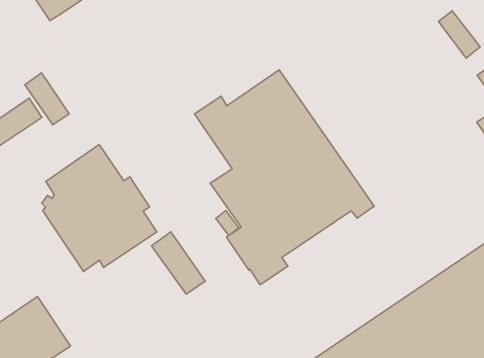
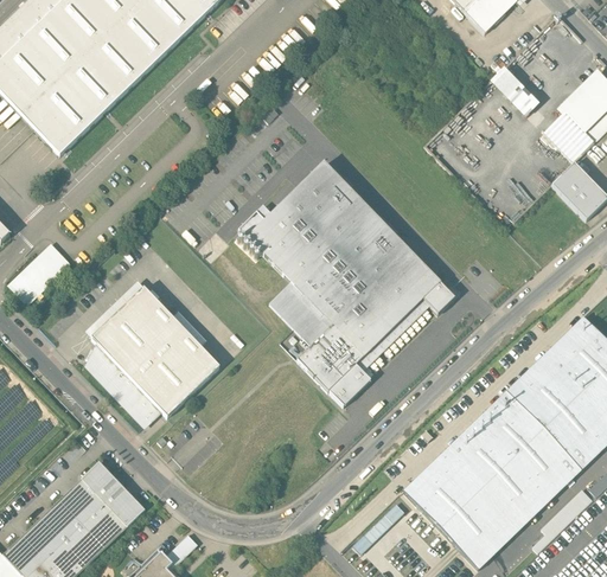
building: [25,73,69,125] -> none
building: [152,232,205,294] -> none

